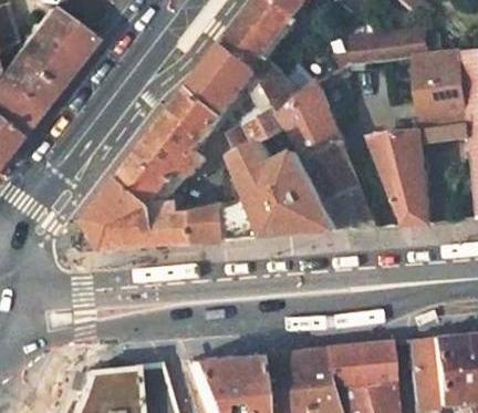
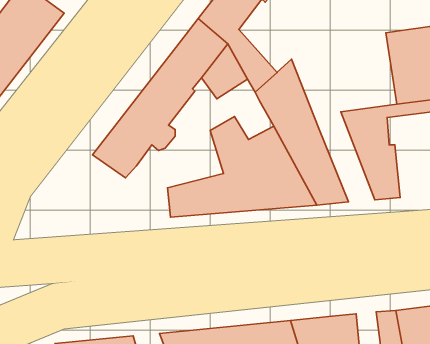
building: [341,30,428,70] -> none
building: [231,104,288,156] -> none
building: [87,180,198,251] -> none

